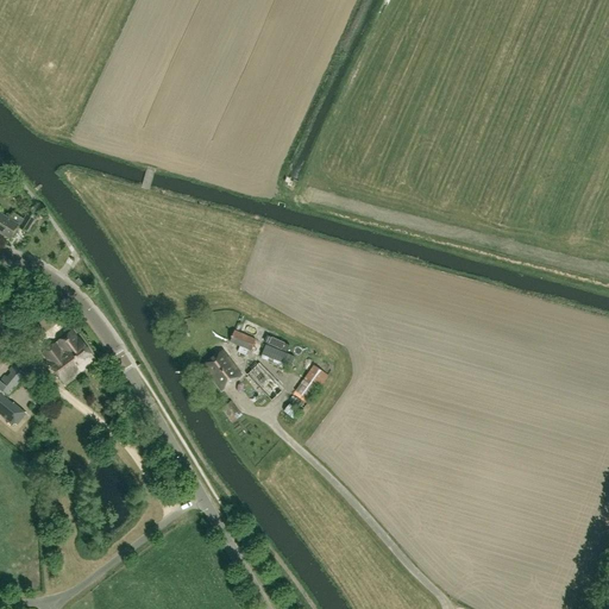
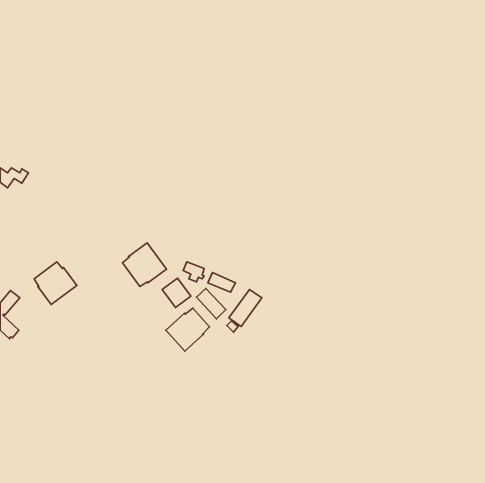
building: none -> [122,243,167,286]
building: none -> [166,308,210,351]

